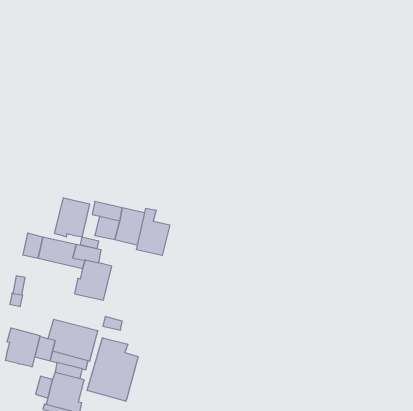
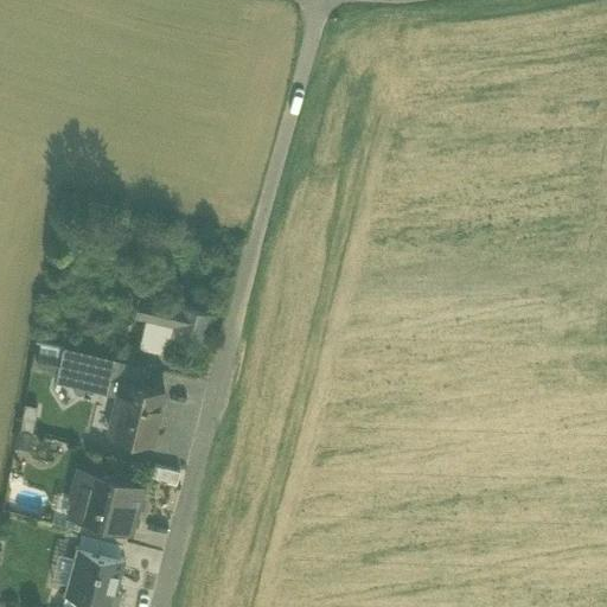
building: [55,198,90,237] -> none
building: [137,208,170,256] -> none
building: [5,328,40,367] -> none
building: [87,338,138,401] -> none

